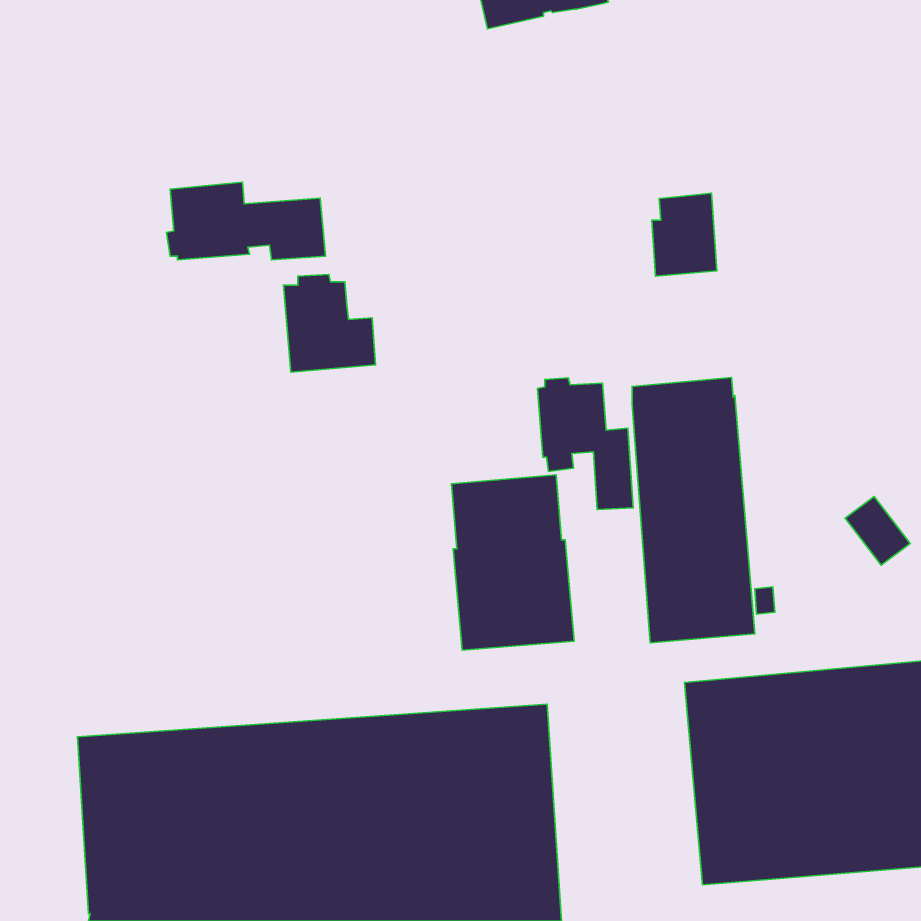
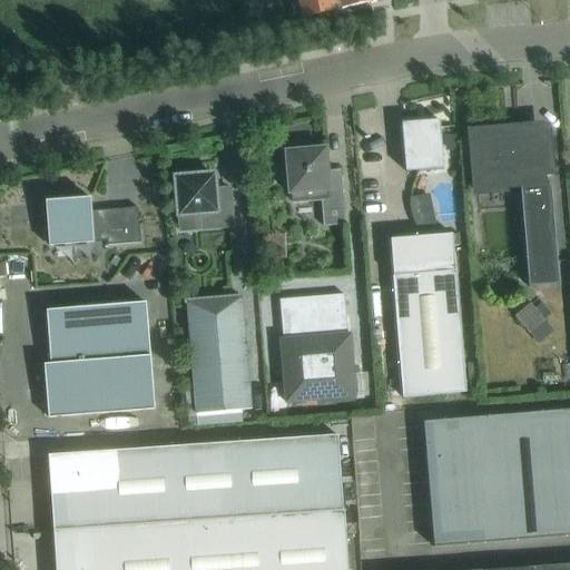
building: [167,182,326,260] -> [43,196,141,244]
building: none -> [471,129,559,286]
building: [538,378,633,510] -> [286,144,345,225]
building: none -> [186,294,252,413]
building: none -> [45,302,155,416]

